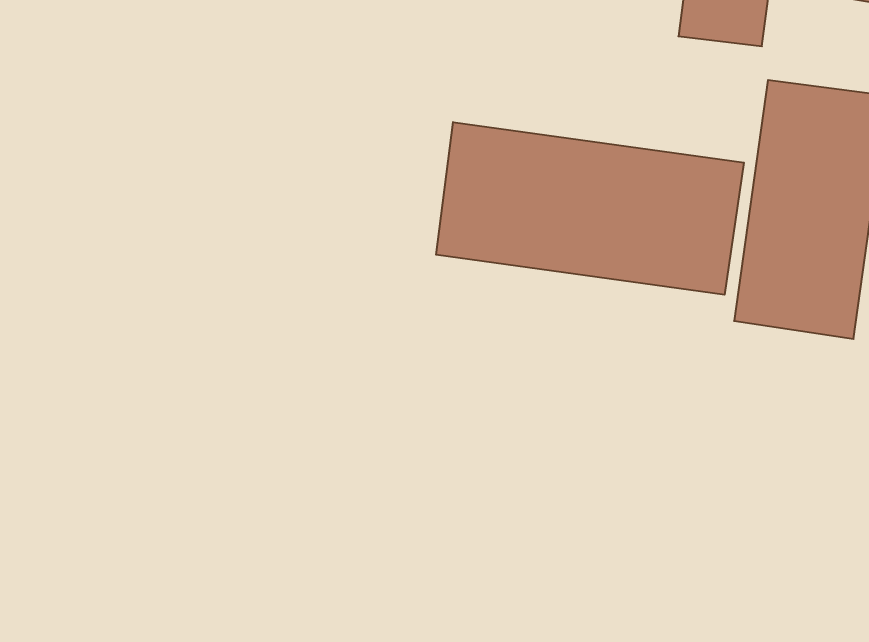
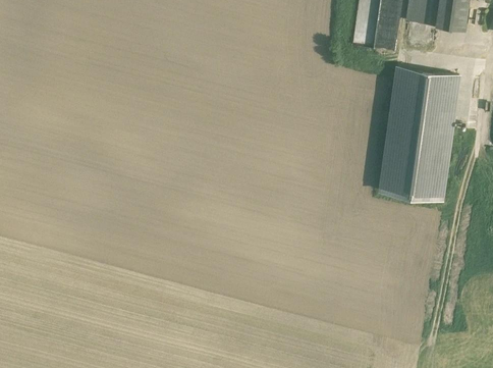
building: [436,122,744,295] -> none

